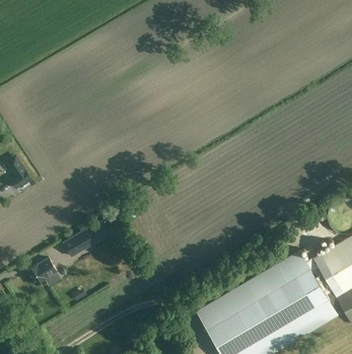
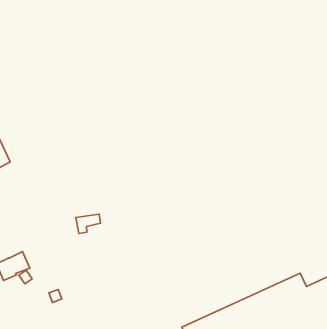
building: [62,230,92,257] -> none

